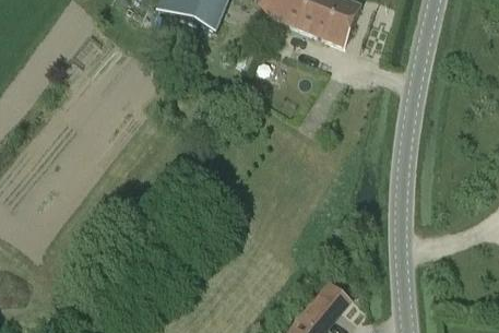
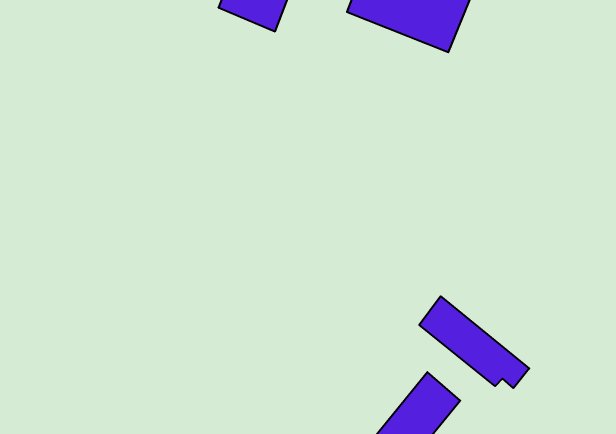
building: none -> [419,296,529,388]

